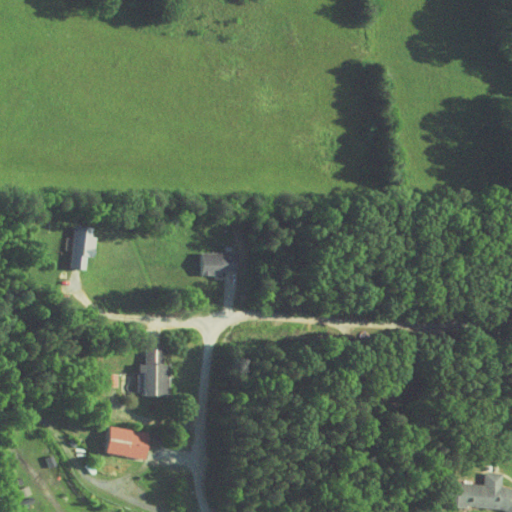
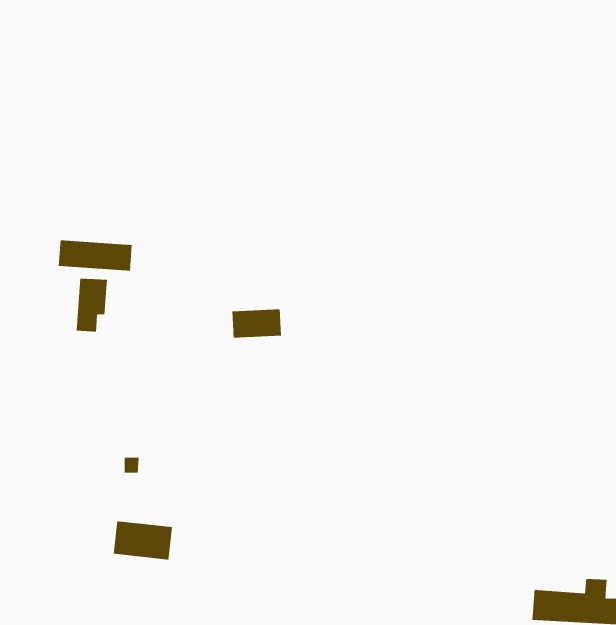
building: none -> [58,239,132,272]
building: [143,349,170,396] -> none

